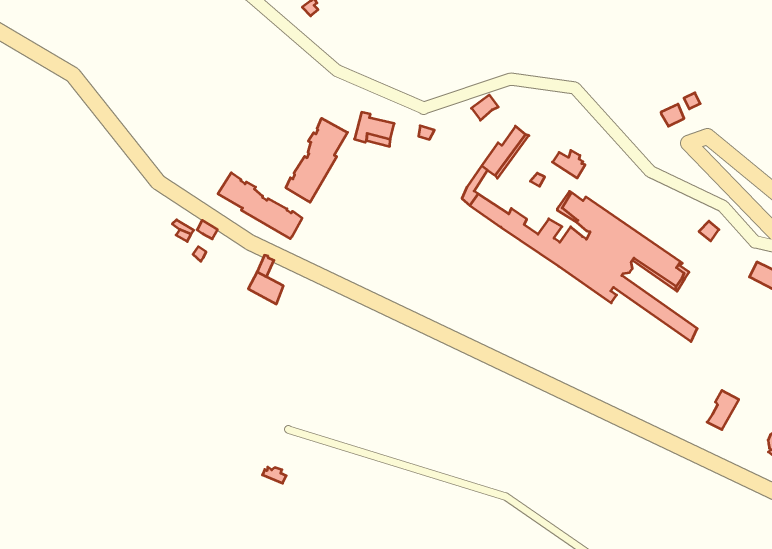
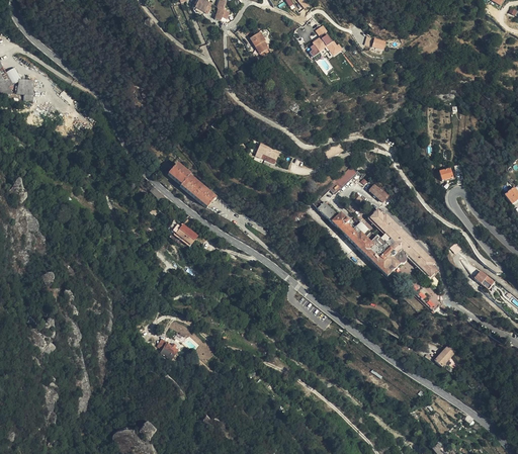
building: [286,118,348,202] -> none

